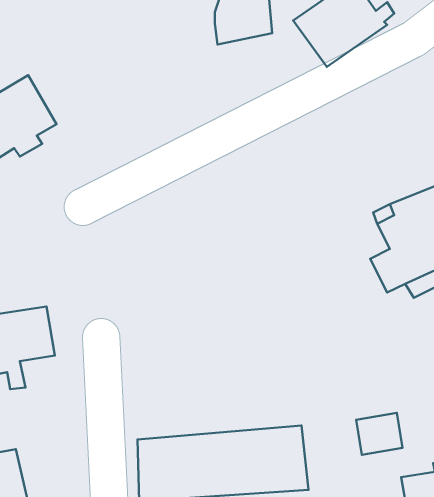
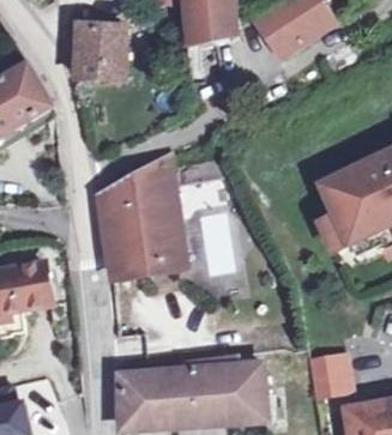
building: none -> [76,23,126,79]
building: none -> [97,156,182,274]

